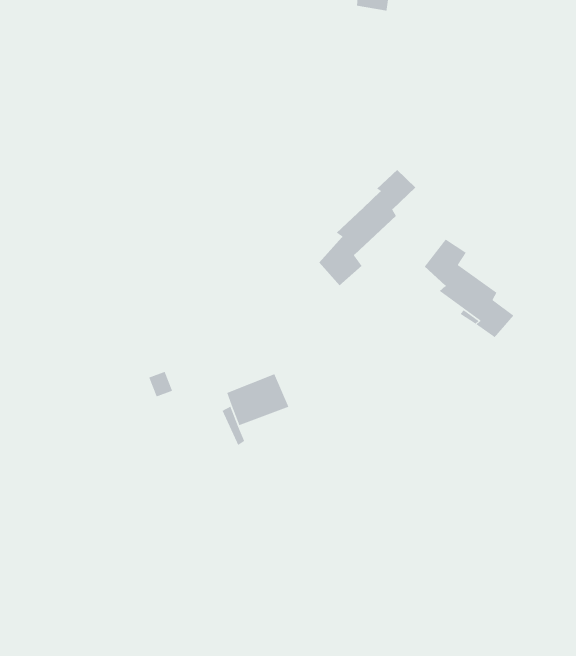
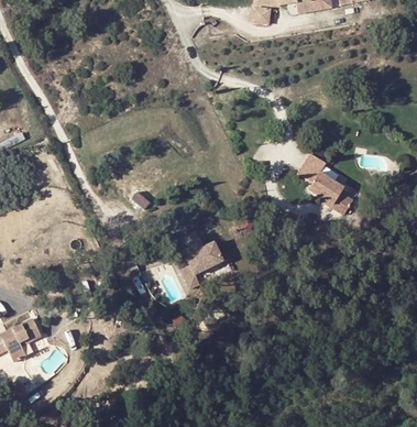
building: [319,169,416,286] -> none

